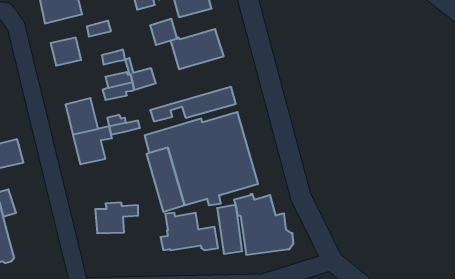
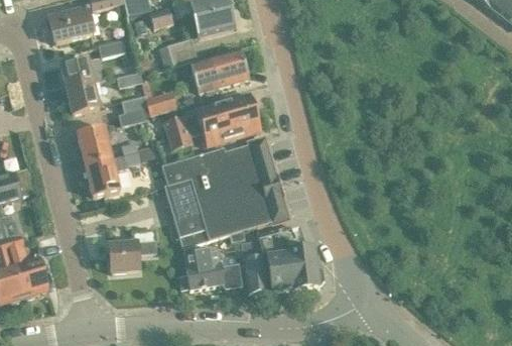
building: none -> [67,83,99,114]
building: none -> [164,94,256,137]
building: none -> [12,256,46,299]

